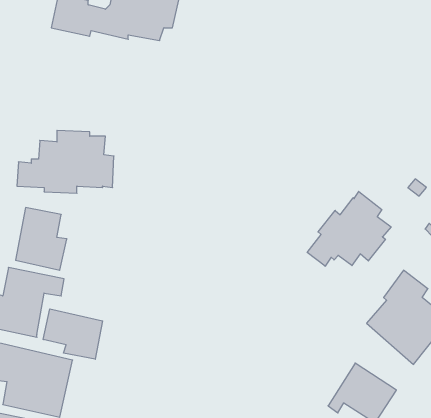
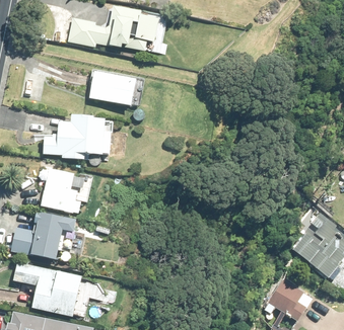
building: none -> [90,70,137,105]
building: [307,191,391,266] -> none
building: [43,309,103,359] -> none

